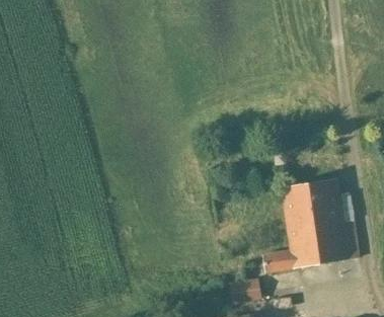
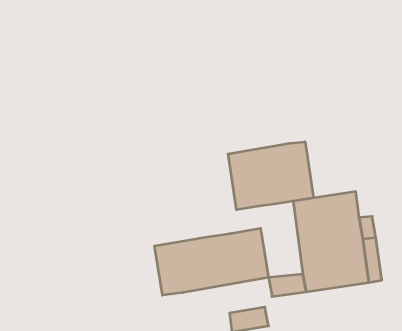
building: none -> [228,142,313,210]
building: none -> [155,228,269,295]

